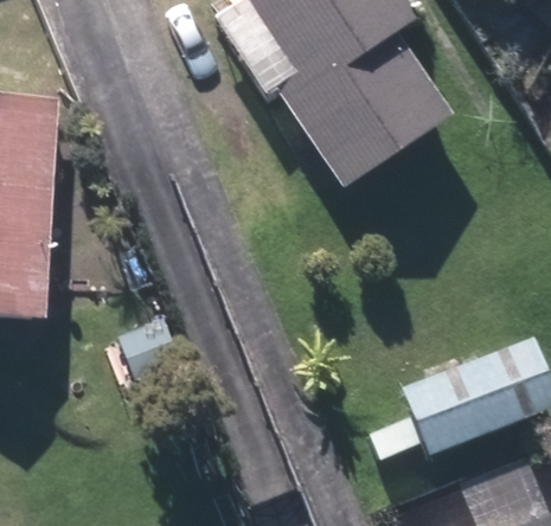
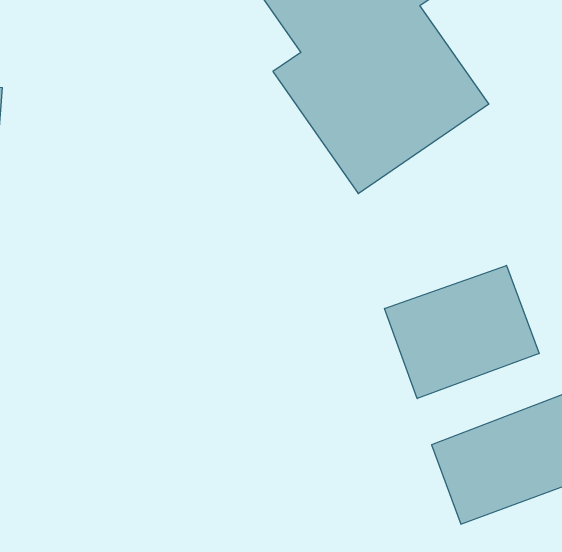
building: none -> [385,265,539,399]

